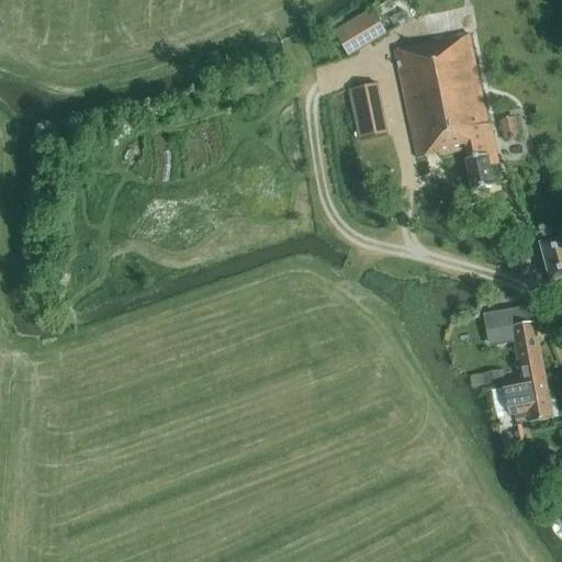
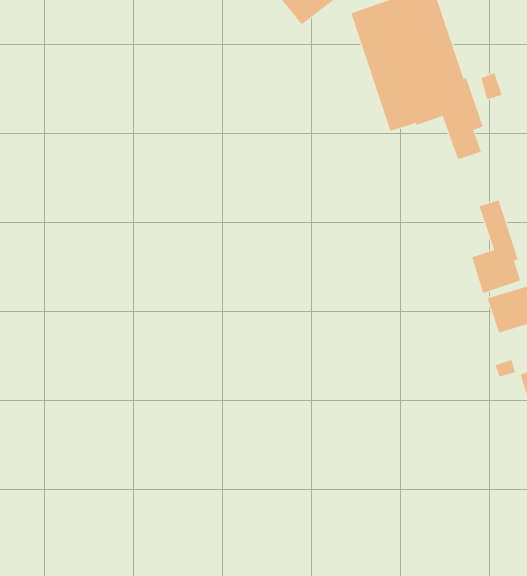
building: [347,81,386,137] -> none
building: none -> [472,199,521,294]

